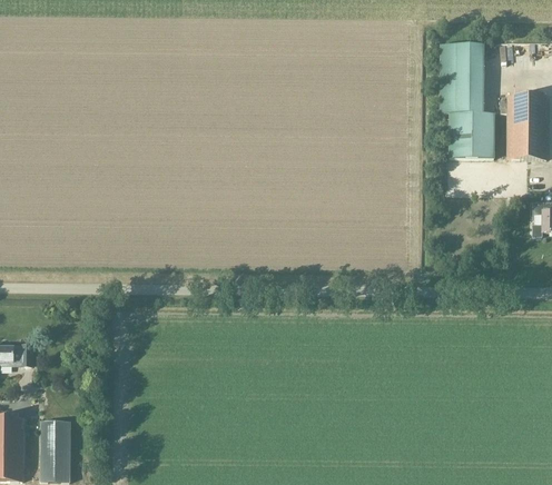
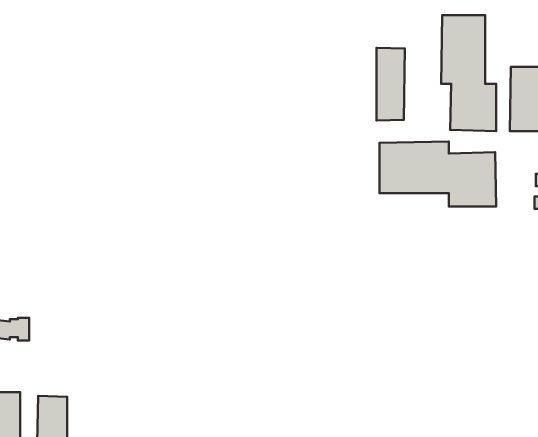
building: none -> [377,48,405,121]
building: none -> [380,142,496,207]

